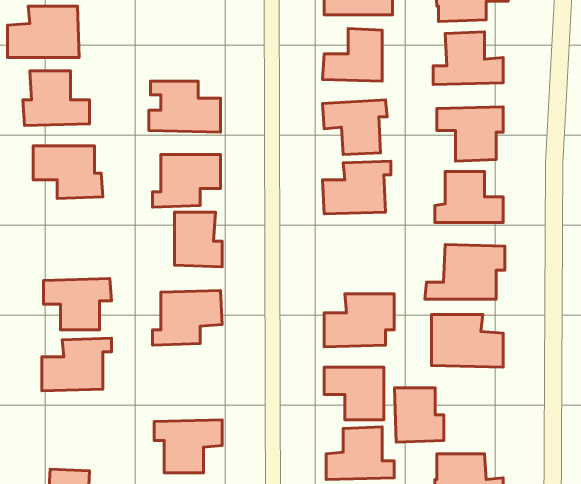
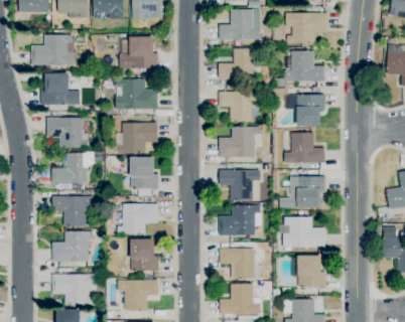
building: none -> [121,37,159,68]
building: none -> [52,153,89,184]
building: none -> [220,170,260,200]
building: none -> [131,238,159,271]
building: [394,388,444,442] -> [297,256,326,288]
building: none -> [52,275,95,306]

